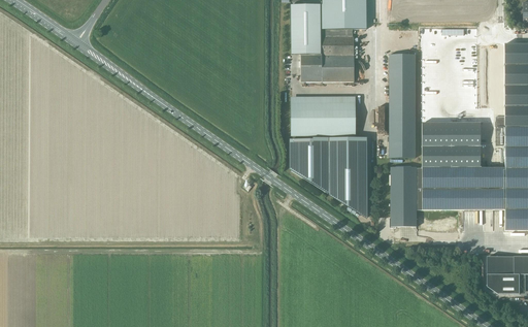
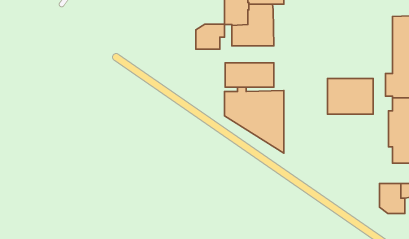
building: none -> [196,24,224,49]
building: [390,54,416,157] -> none
building: [390,163,500,227] -> none

